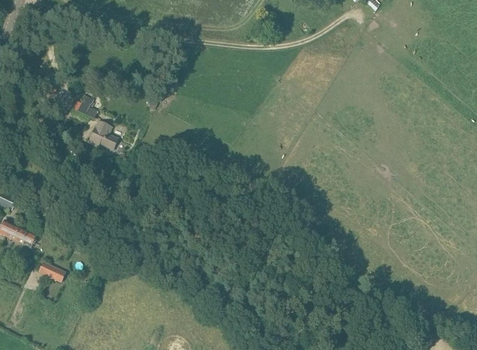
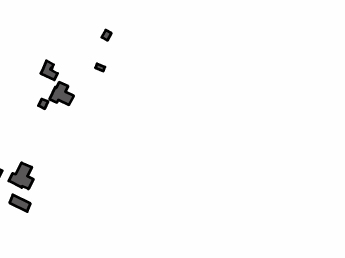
building: none -> [9,163,33,189]

